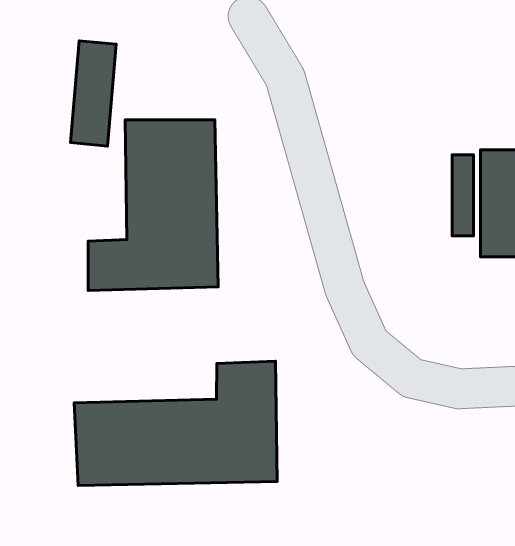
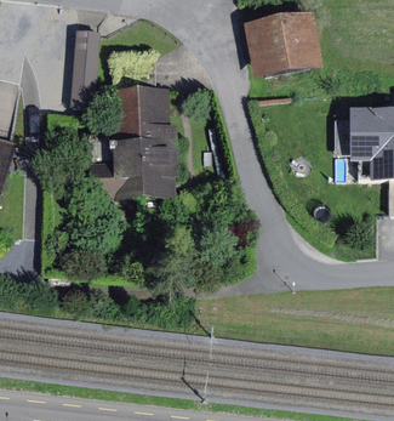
building: none -> [245,12,321,74]
building: [74,361,277,486] -> none

